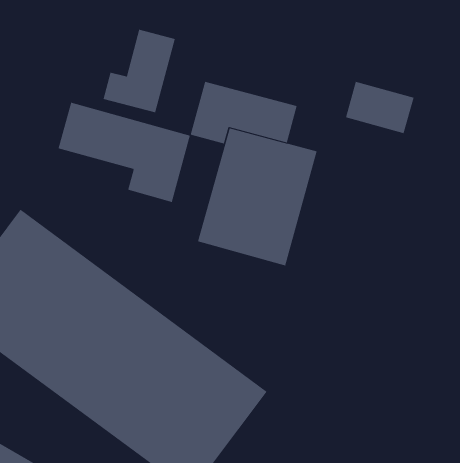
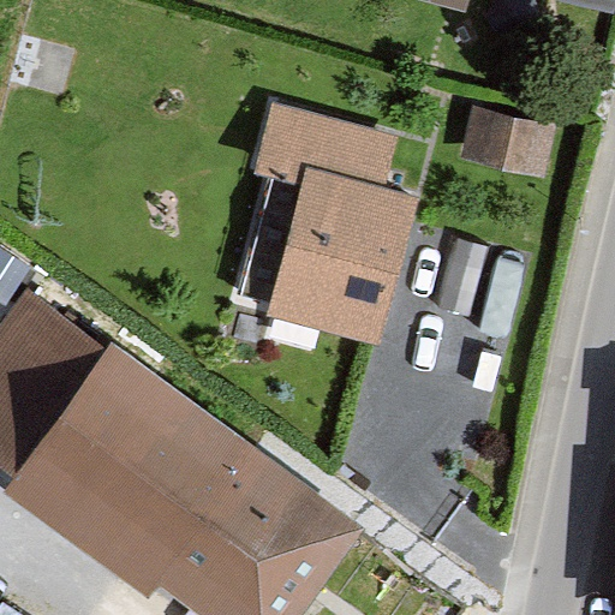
building: [103,29,175,113] -> none
building: [58,102,191,203] -> none

